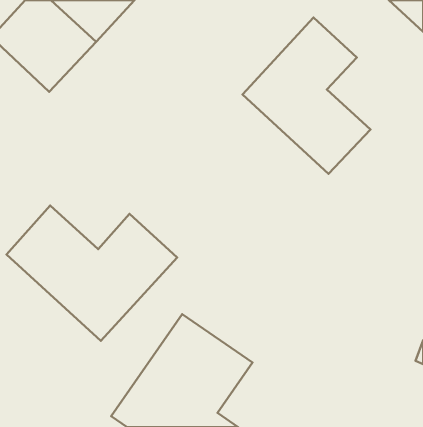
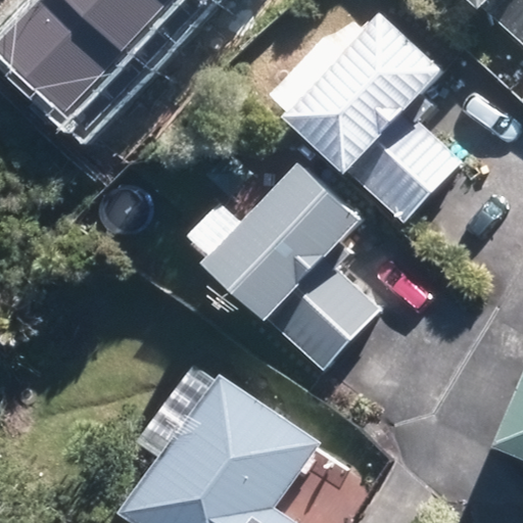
building: none -> [215,171,372,362]
building: [6,206,177,341] -> none

